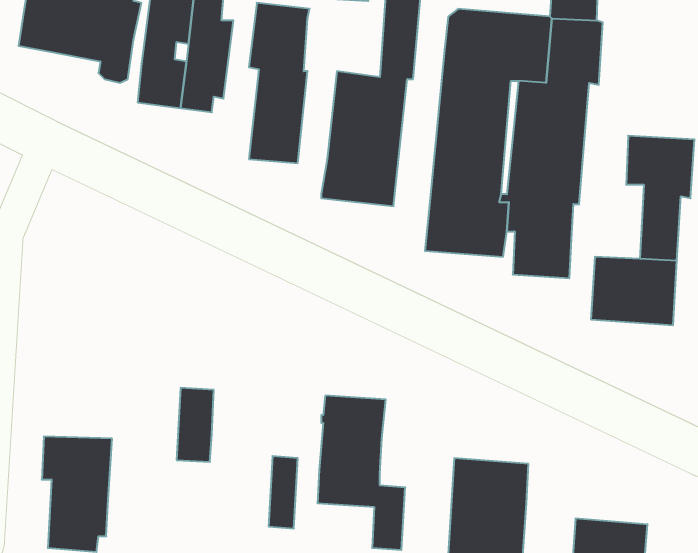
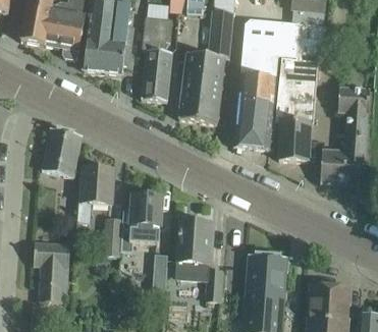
building: none -> [41,127,82,175]
building: none -> [76,167,112,223]
building: none -> [121,195,161,243]

